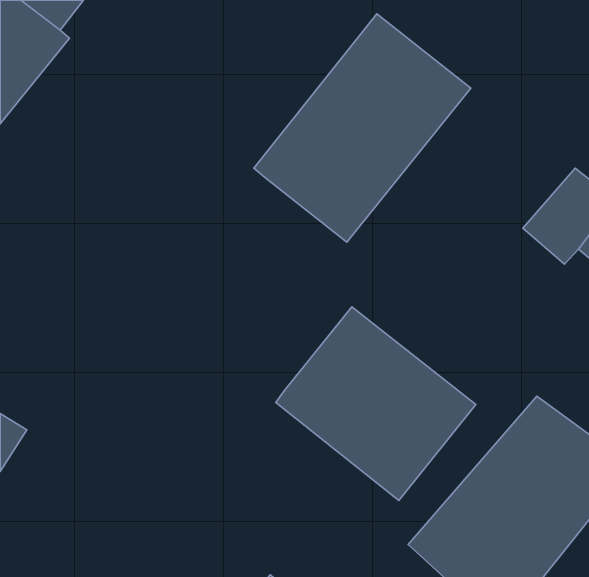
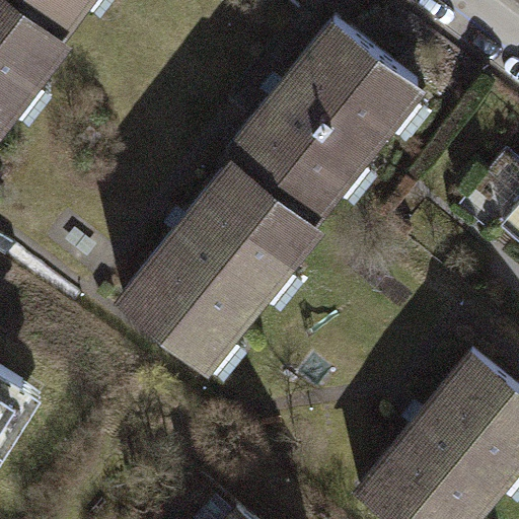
building: none -> [125,168,315,370]
building: [276,307,476,501] -> none

